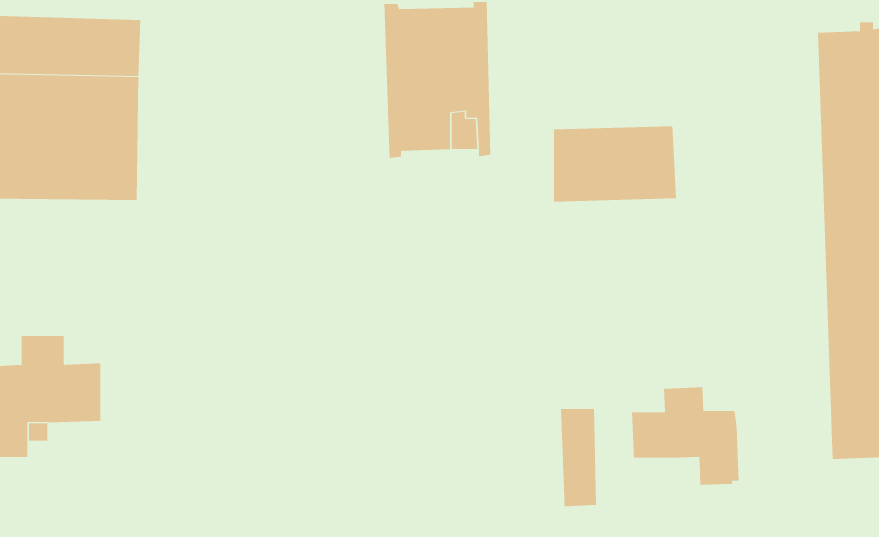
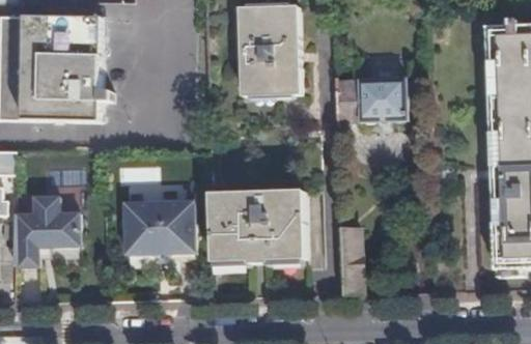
building: none -> [211,191,307,263]
building: none -> [124,200,196,253]
building: [632,387,739,486] -> none

